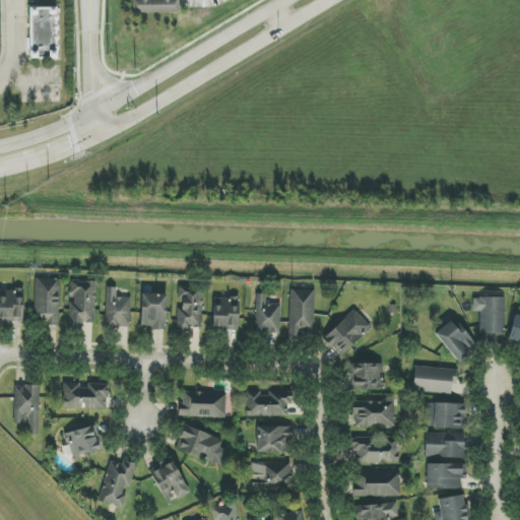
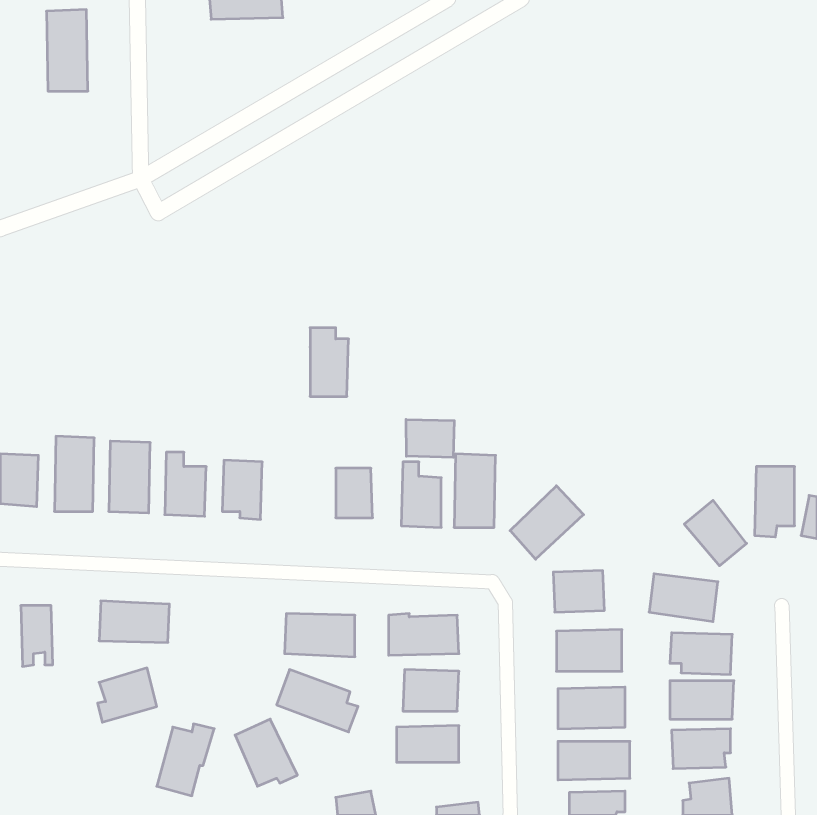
building: none -> [406,419,454,457]
building: [178,286,202,330] -> [310,328,349,396]

